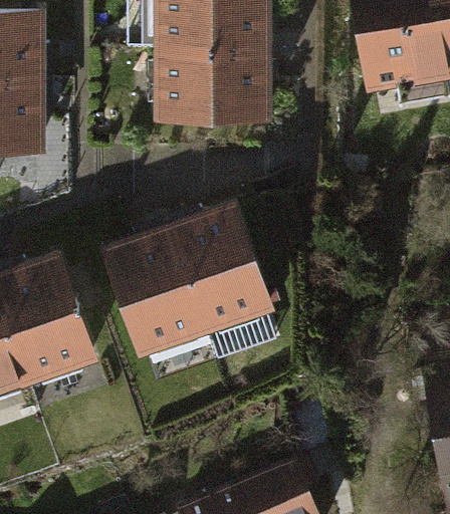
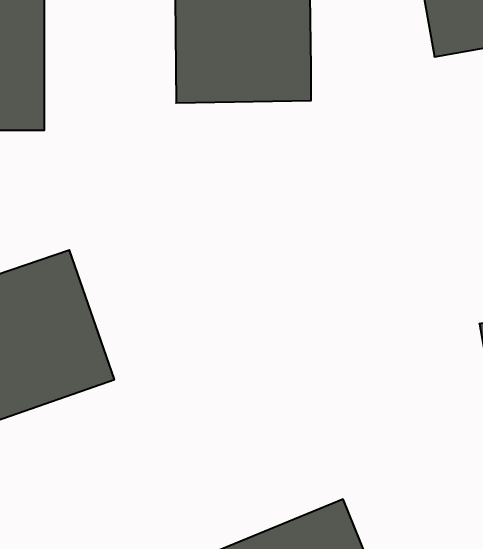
building: [108,211,271,352] -> none

